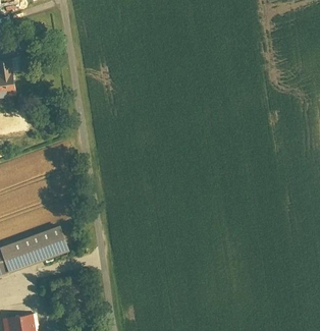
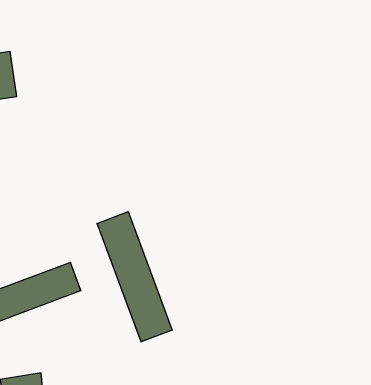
building: none -> [97,212,172,342]

